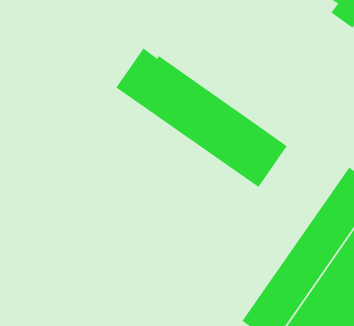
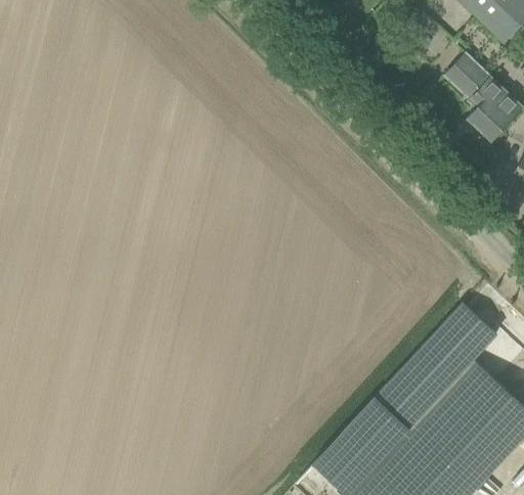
building: [115,48,288,188] -> none

